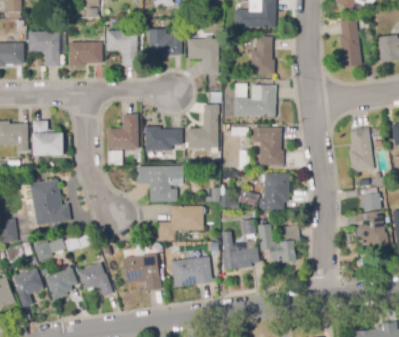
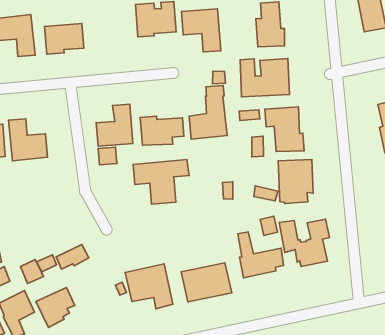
building: [107,30,138,65] -> none
building: [30,179,71,225] -> none
building: [159,206,203,239] -> none
building: [78,262,114,296] -> none

